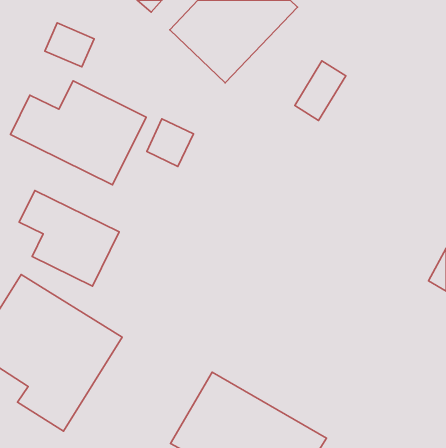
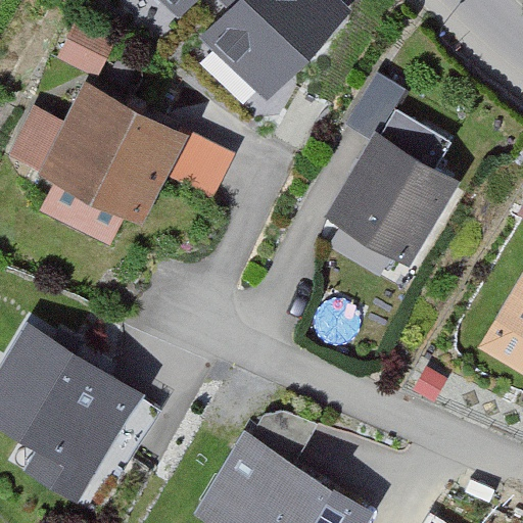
building: none -> [331,134,465,266]
building: [19,191,119,286] -> none

